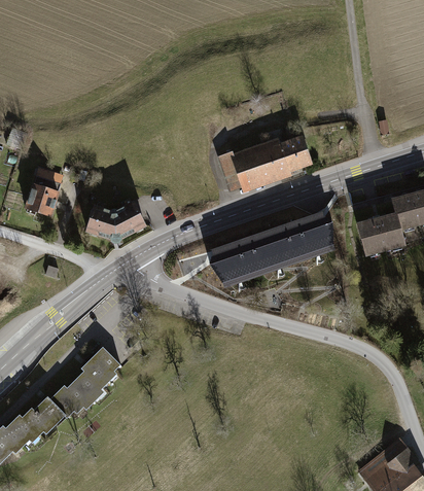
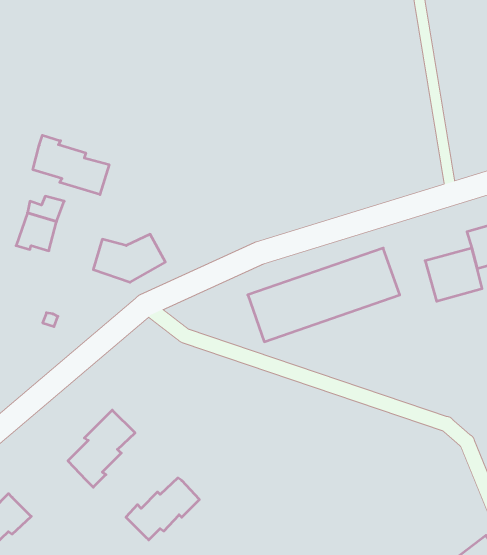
building: none -> [33,135,109,195]
building: [216,137,307,188] -> none
building: [21,383,80,433] -> [126,478,199,540]

